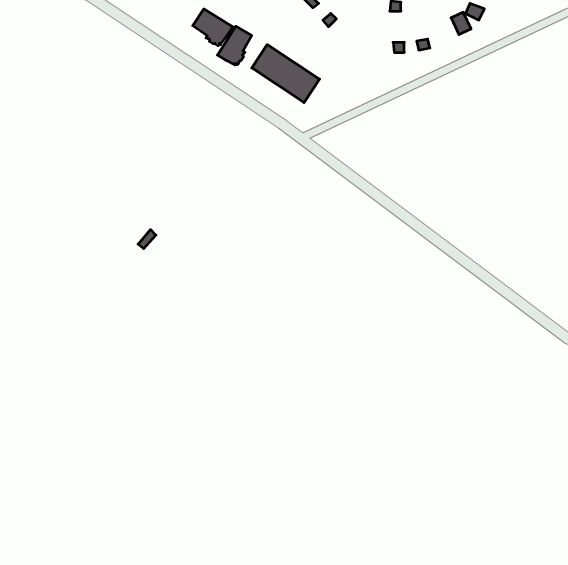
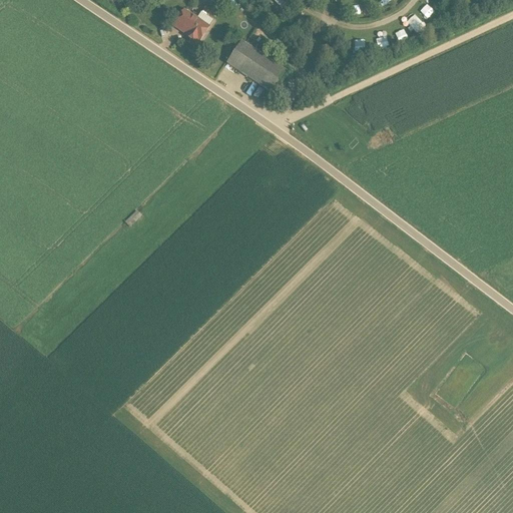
building: [217,26,252,65] -> none

